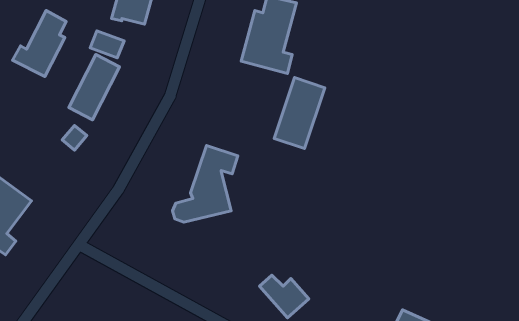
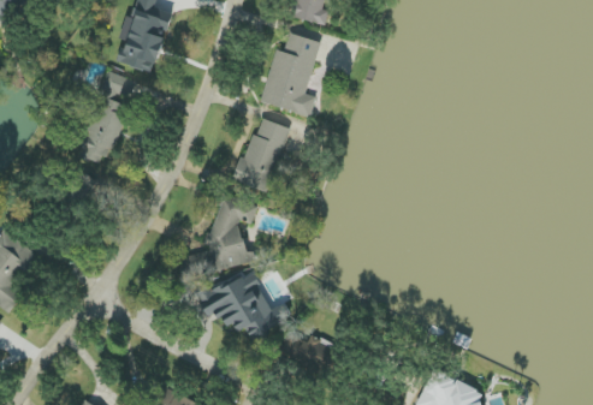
building: [13,10,66,77] -> none
building: [274,78,325,149] -> [235,117,289,192]
building: none -> [195,270,291,336]

